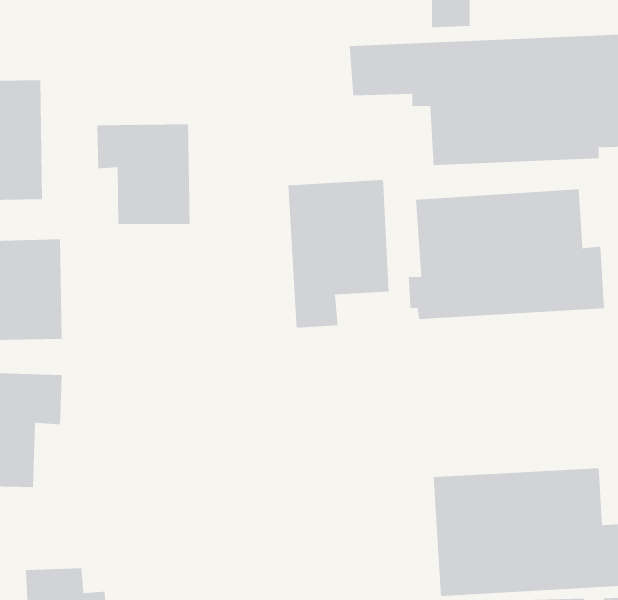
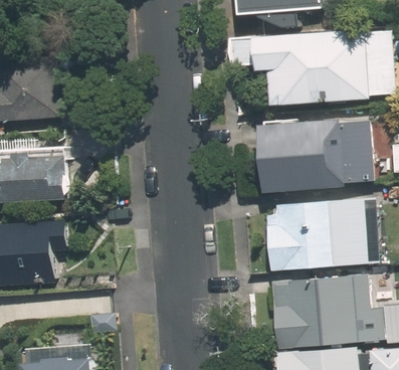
building: [97,123,190,225] -> none
building: [288,179,389,328] -> none
building: none -> [264,201,368,267]

